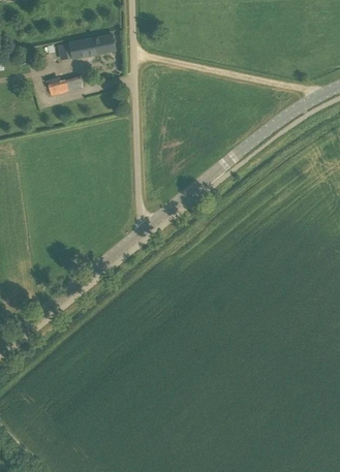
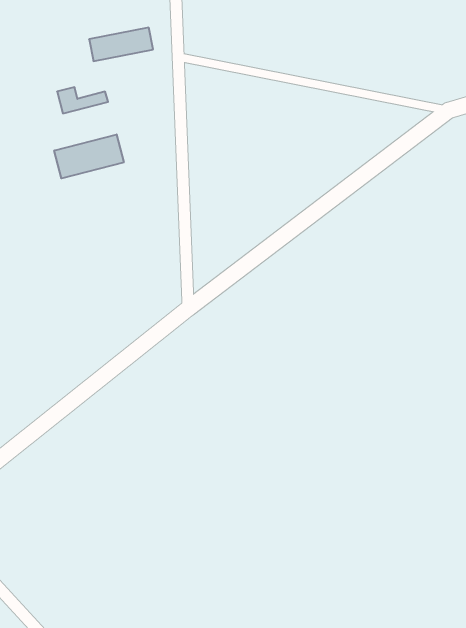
building: none -> [54,134,124,178]

